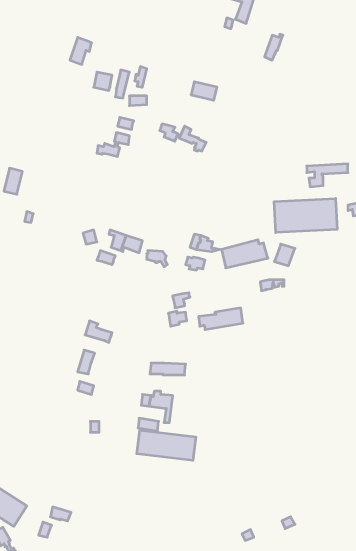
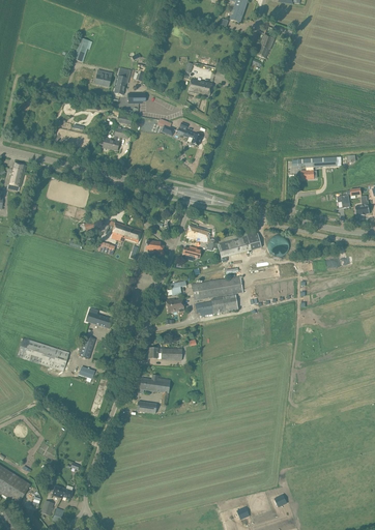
building: [274,198,337,233] -> none
building: none -> [191,275,243,301]
building: none -> [17,337,69,371]
building: [137,430,196,460] -> none

